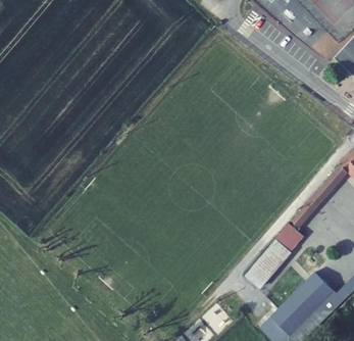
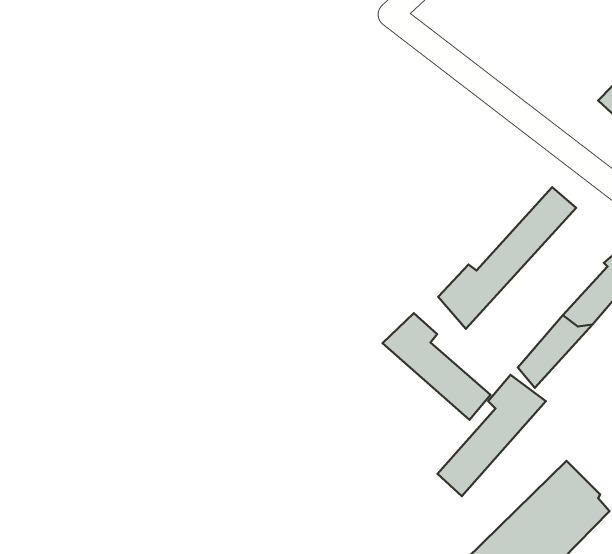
building: none -> [438,187,576,329]
building: none -> [383,313,490,420]

